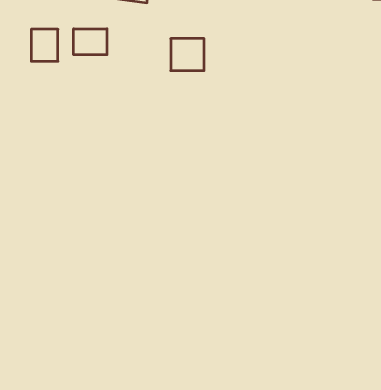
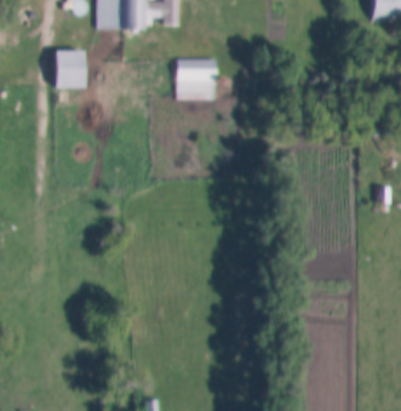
building: [74,29,107,55] -> none

